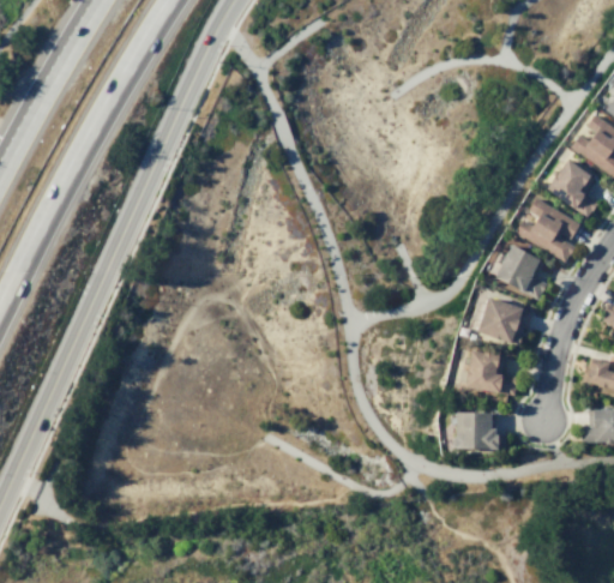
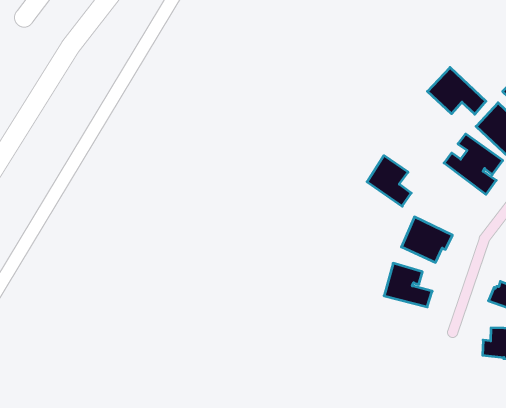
building: none -> [427,67,486,114]
building: [495,245,546,299] -> [367,156,411,206]
building: [453,413,505,450] -> none

